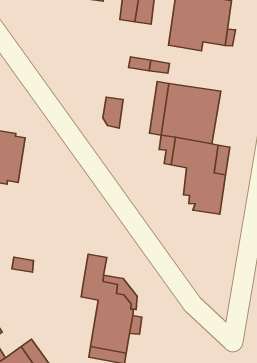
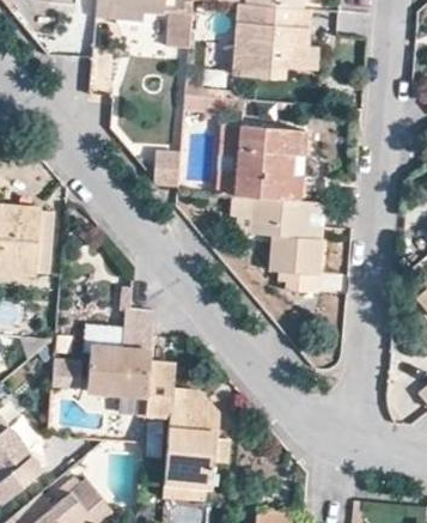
building: none -> [85,309,153,399]

